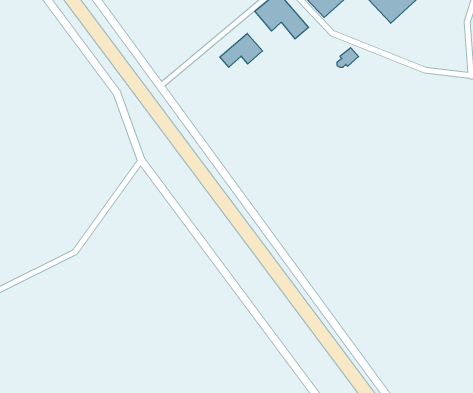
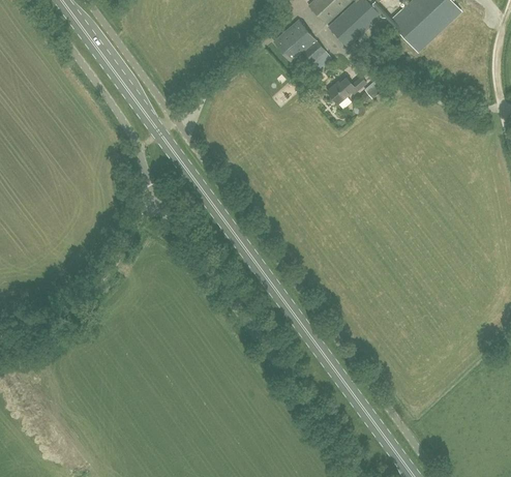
building: [220,33,263,67] -> none
building: none -> [327,77,365,102]

